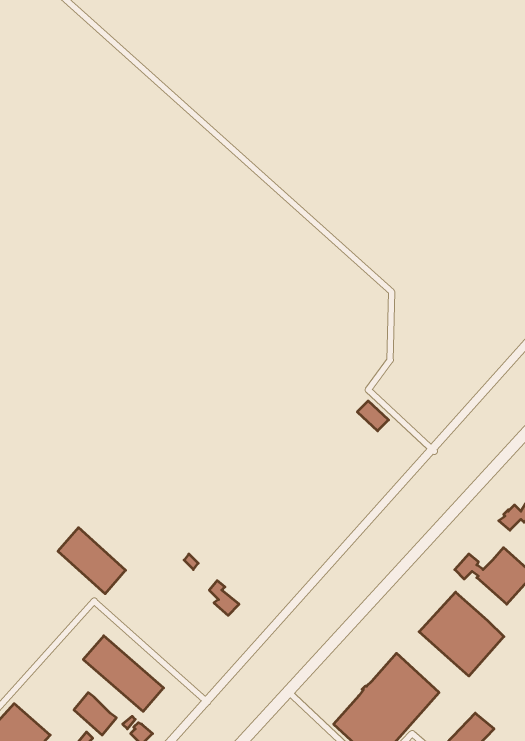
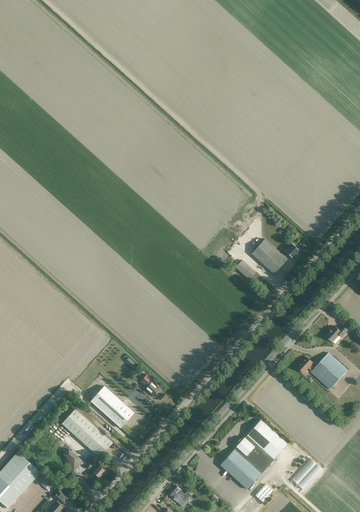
building: none -> [251,239,298,274]
building: [58,528,126,594] -> [90,386,133,428]
building: [419,592,504,676] -> none

